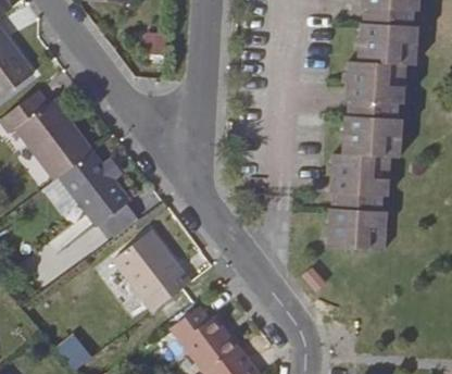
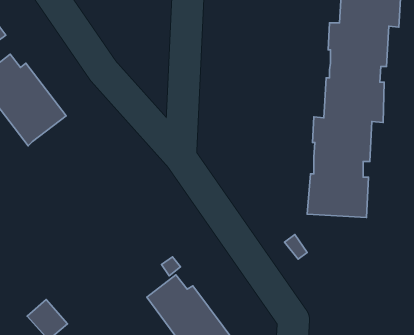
building: [60,151,130,226] -> none
building: [113,230,190,311] -> none

